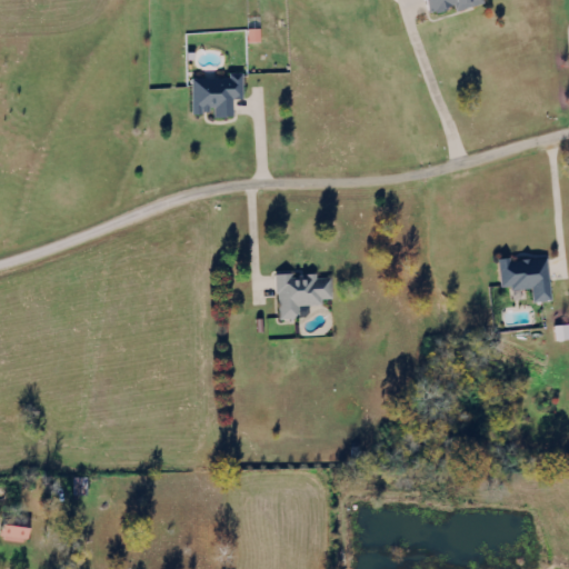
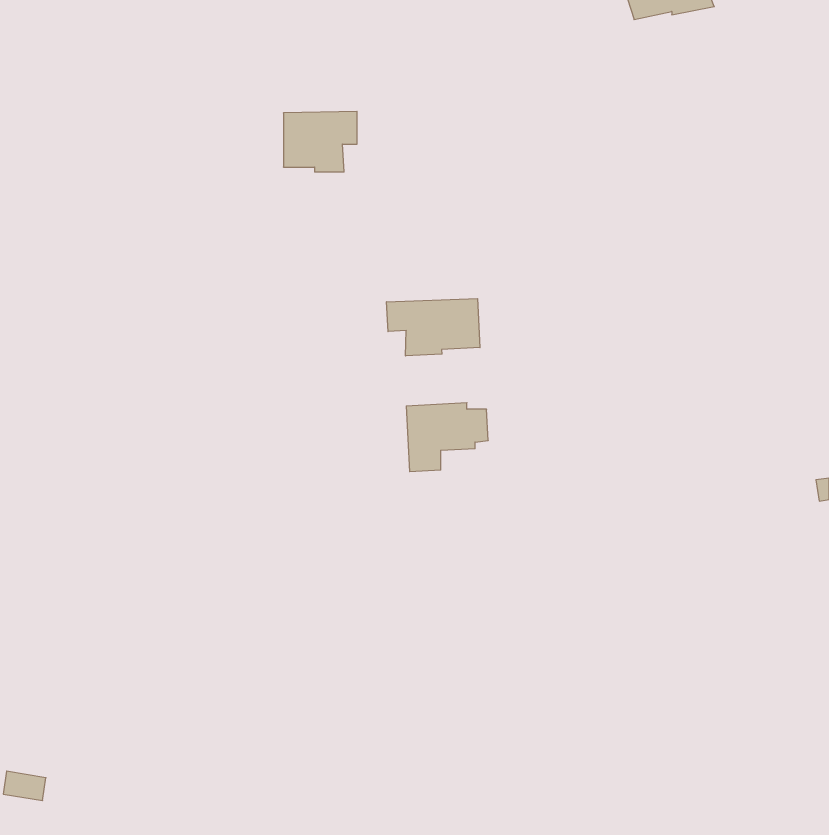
building: none -> [387,299,480,356]
building: [499,256,550,302] -> none

